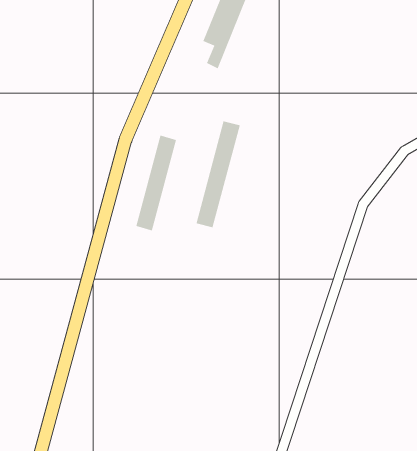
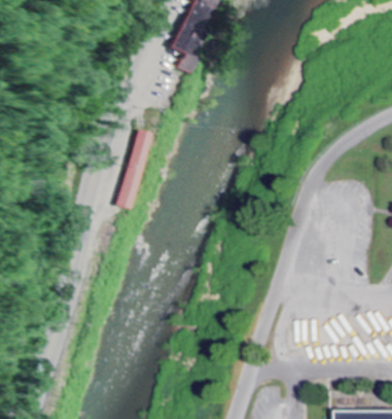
building: [196,121,241,228] -> none

